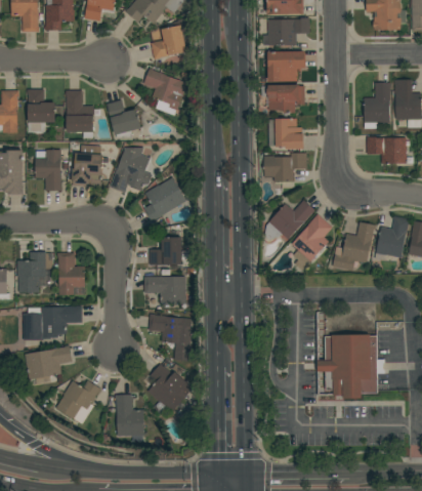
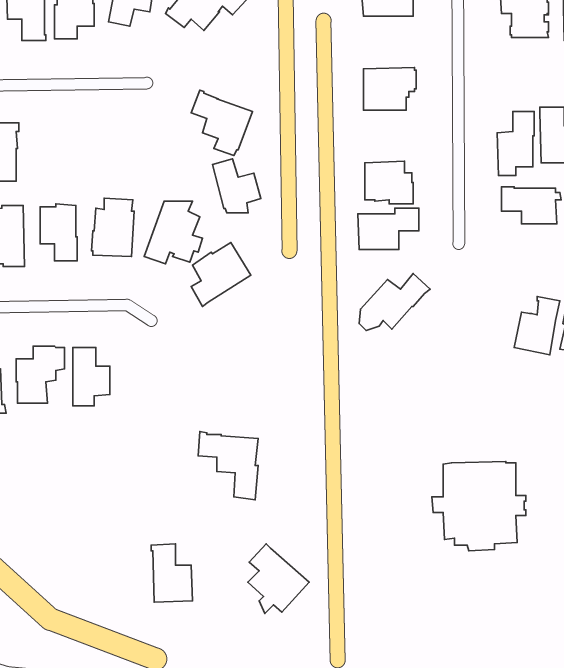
building: [151,16,193,59] -> none
building: [263,17,309,45] -> none
building: [261,84,305,113] -> none
building: [27,89,55,122] -> none
building: [66,90,94,137] -> none
building: [107,98,141,137] -> [213,159,261,213]
building: [292,213,332,260] -> none
building: [333,221,376,270] -> none
building: [150,237,182,268] -> none
building: [144,276,185,303] -> none
building: [23,305,82,340] -> none
building: [25,344,72,384] -> none
building: [147,363,192,413] -> [248,544,309,614]
building: [55,379,101,423] -> none

